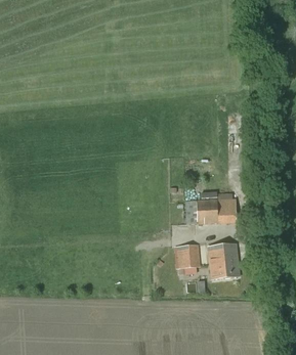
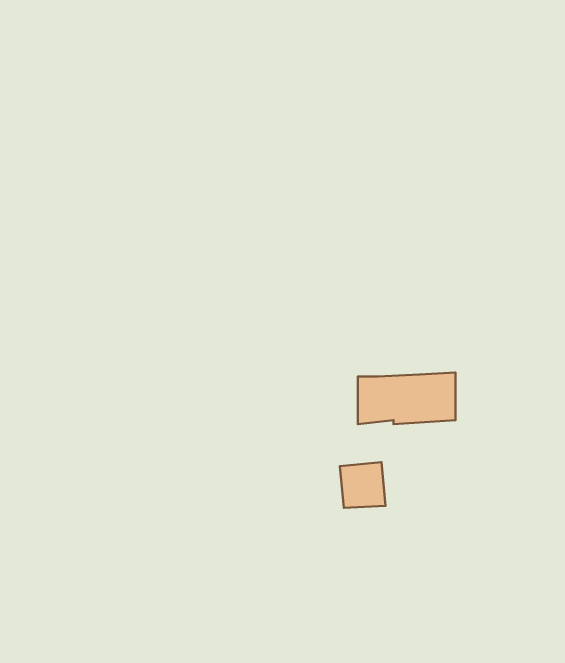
building: [208,242,239,278] -> none

